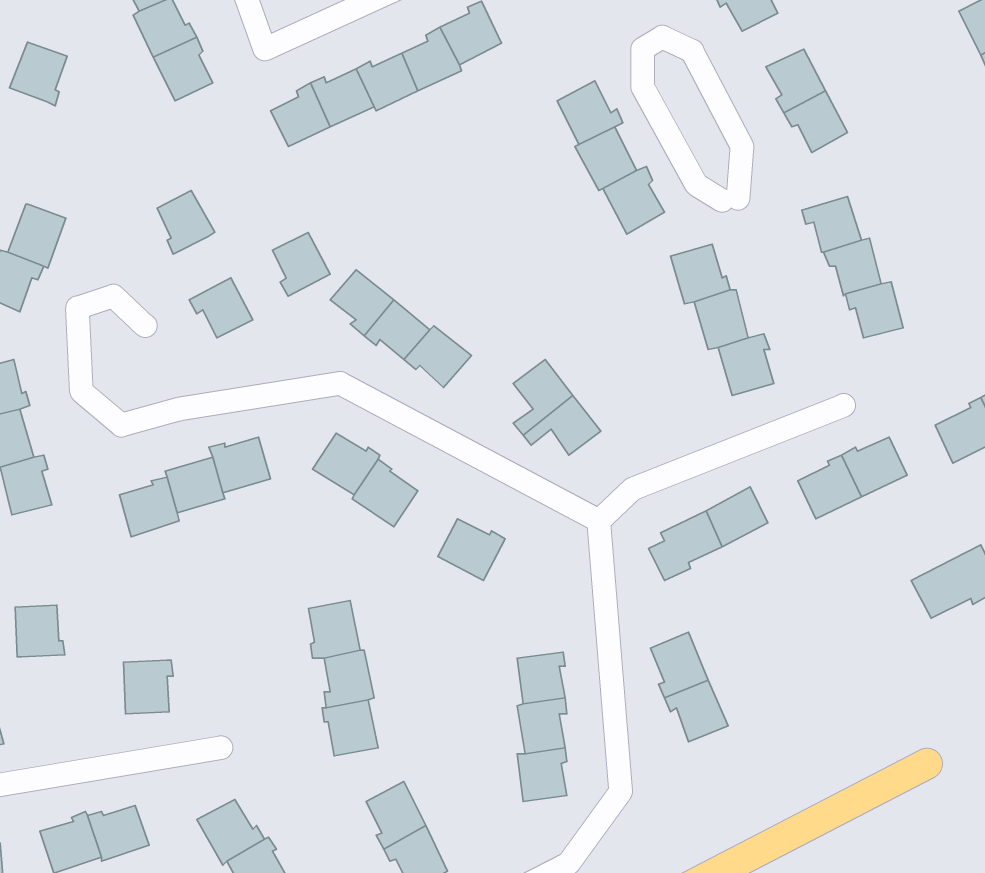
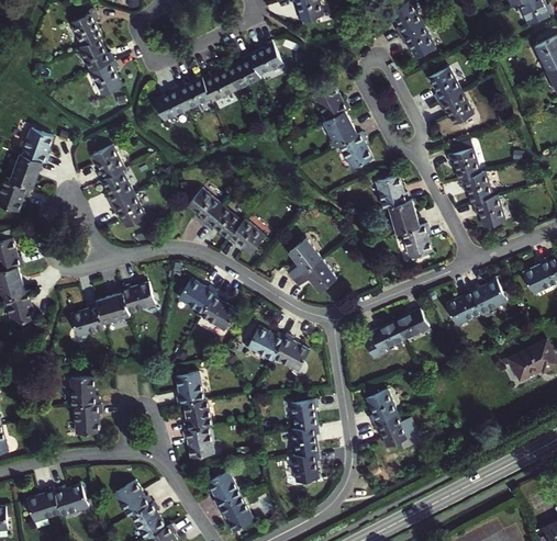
building: [9,42,67,106] -> [20,127,52,162]
building: [272,232,330,296] -> [100,170,132,205]
building: none -> [272,335,308,370]
building: [15,605,65,657] -> [69,376,97,405]

